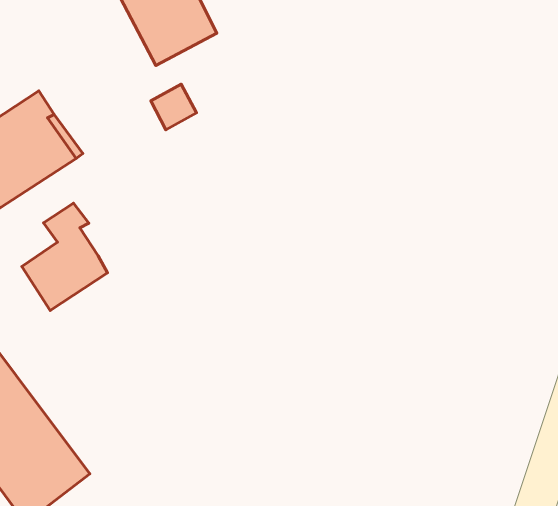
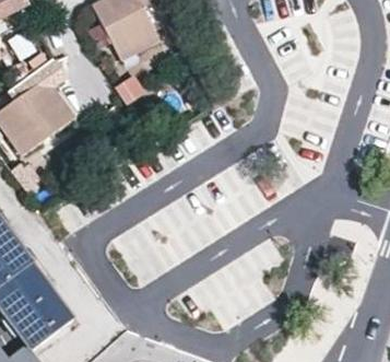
building: [22,203,107,310] -> none

